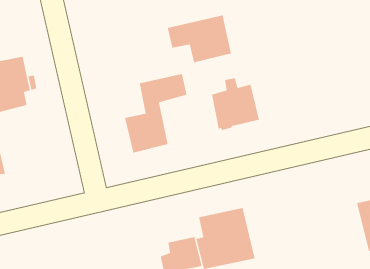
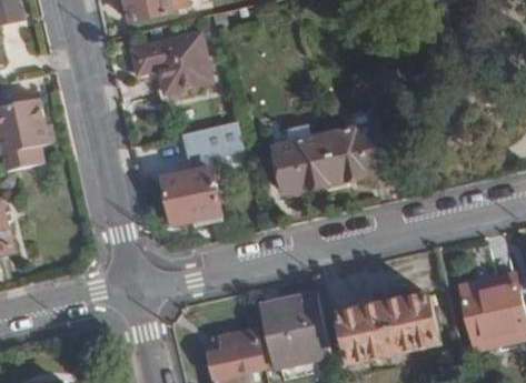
building: [167,15,232,63] -> [128,32,211,94]
building: none -> [326,123,386,181]
building: none -> [340,294,439,363]

